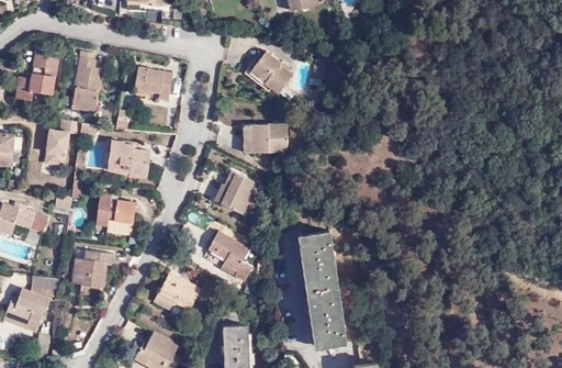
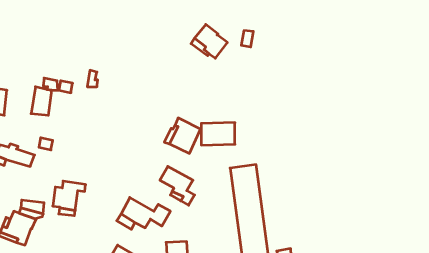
building: [71,51,103,112] -> none
building: [16,52,59,100] -> none
building: [134,67,173,101] -> none
building: [245,124,288,153] -> [201,123,235,145]
building: [108,141,151,174] -> none
building: [97,194,136,226] -> none

